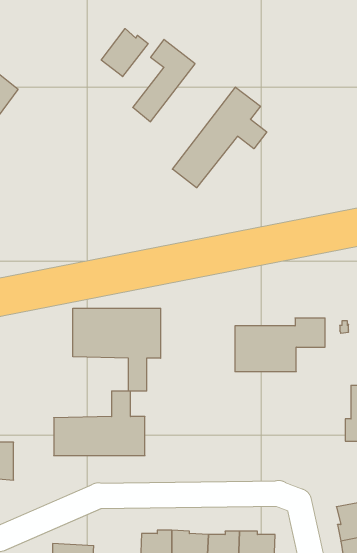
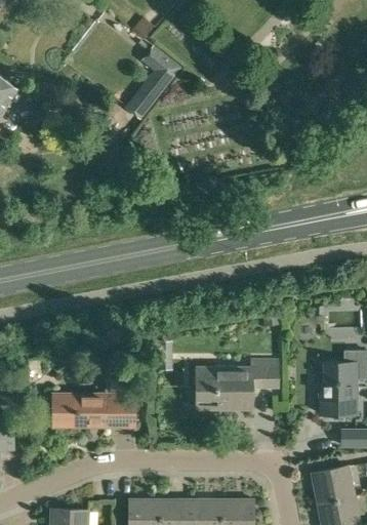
building: [101,29,148,77] -> none
building: [172,87,267,188] -> none
building: [73,308,161,391] -> none
building: [235,318,325,372] -> [196,361,279,410]

